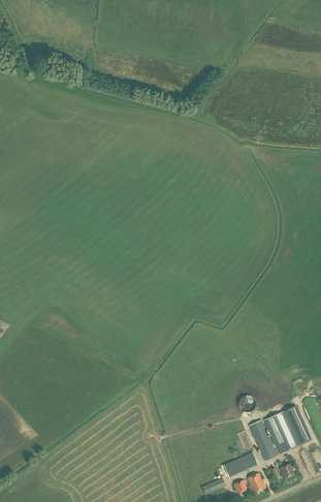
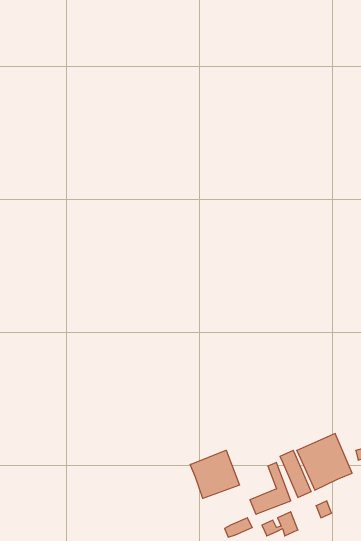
building: none -> [190,450,239,498]

